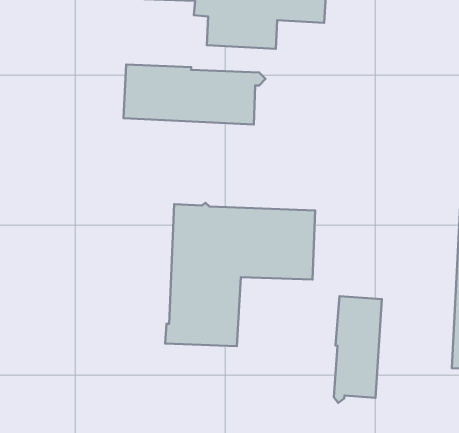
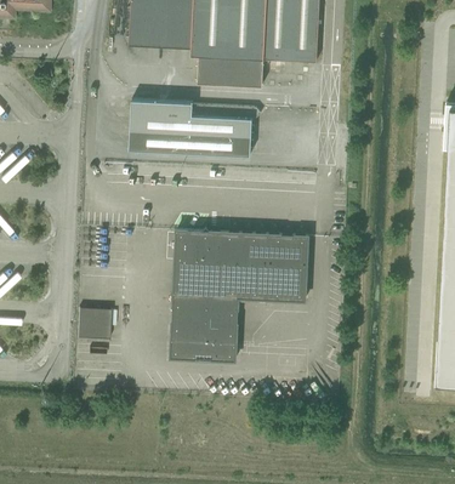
building: none -> [78,308,112,340]
building: [334,296,382,403] -> none

